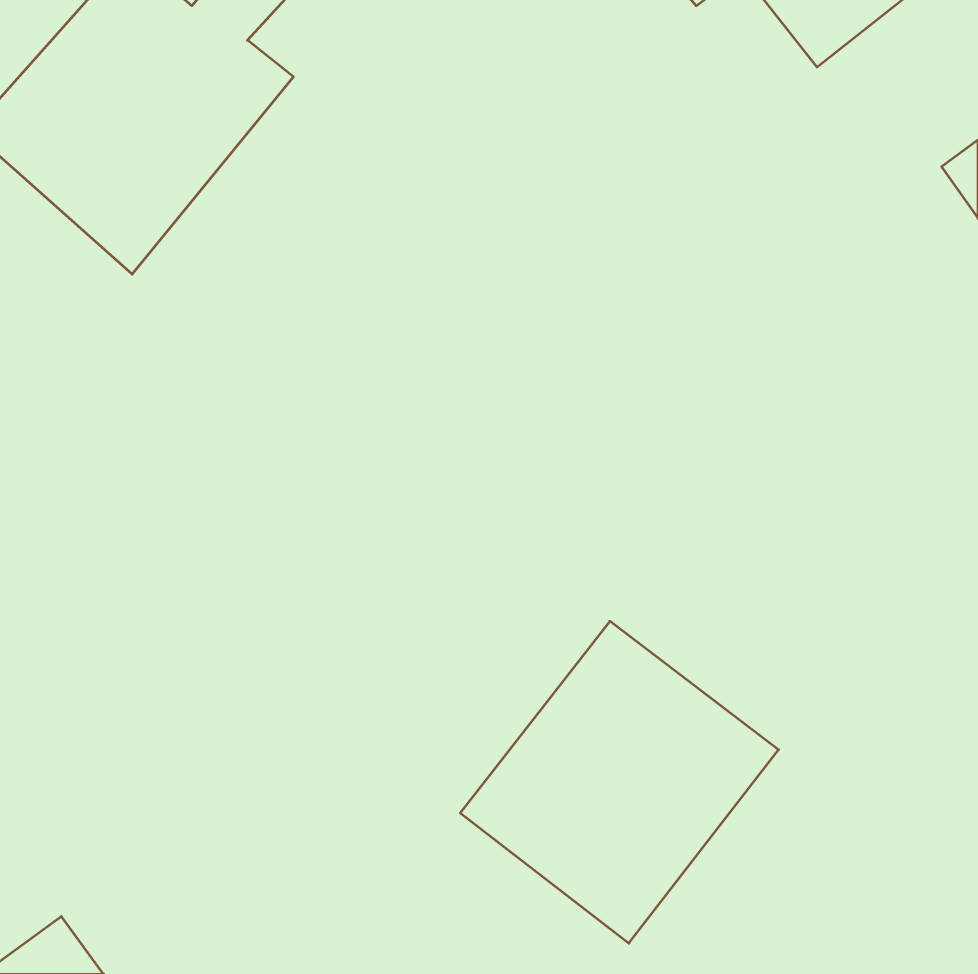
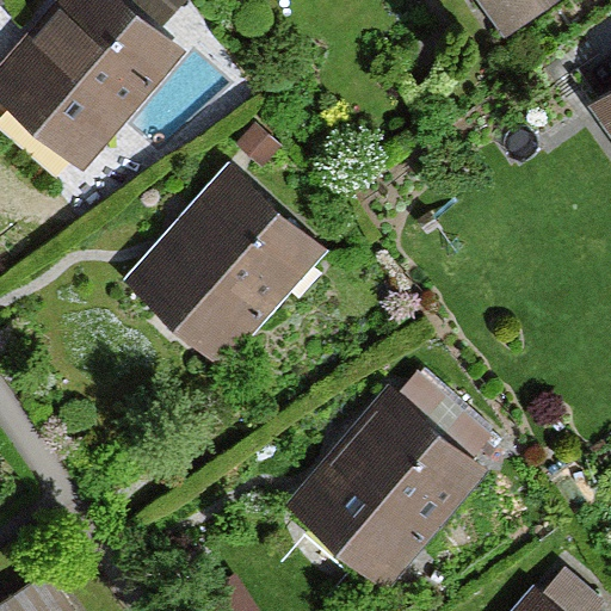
building: none -> [125,168,326,371]

